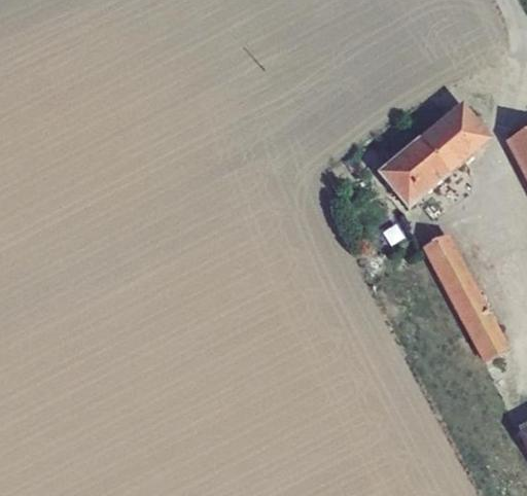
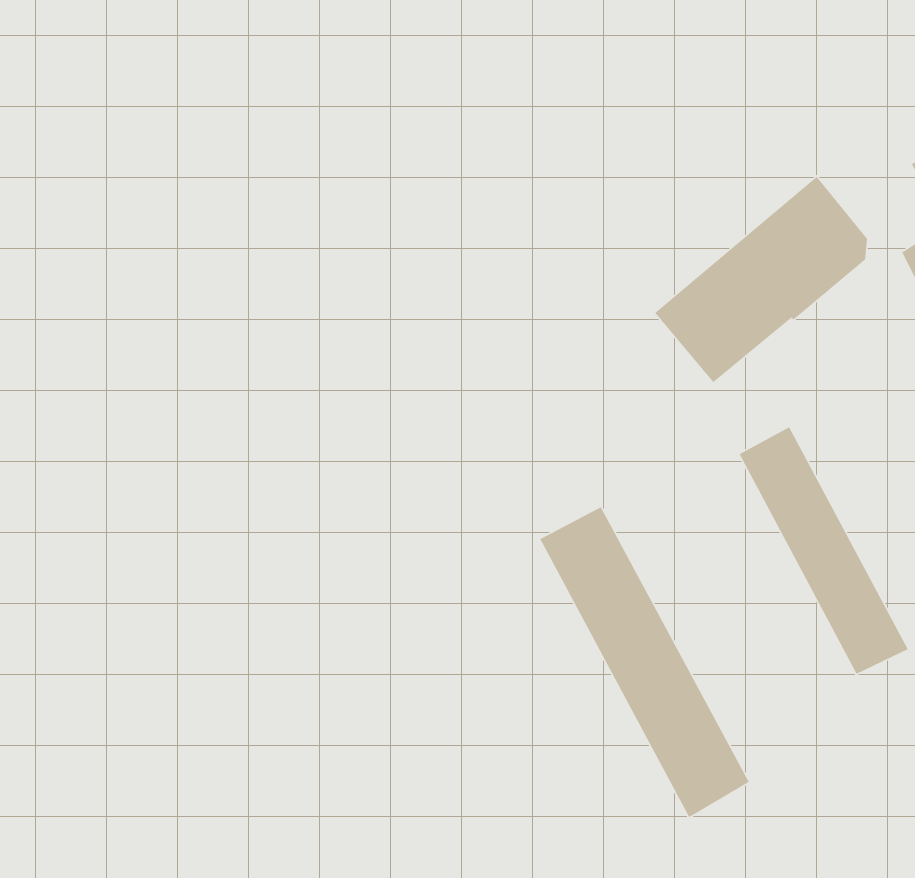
building: none -> [539,506,750,818]

